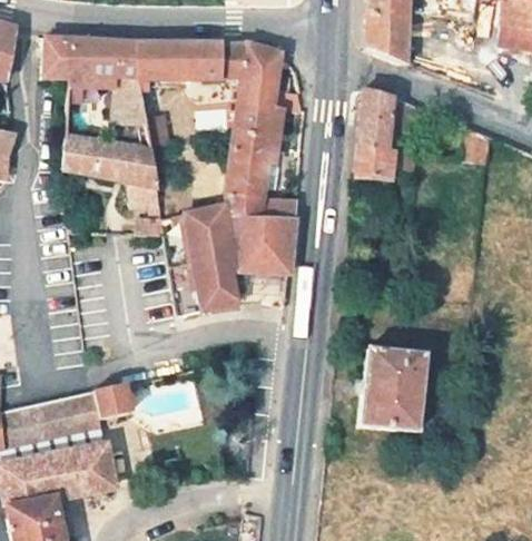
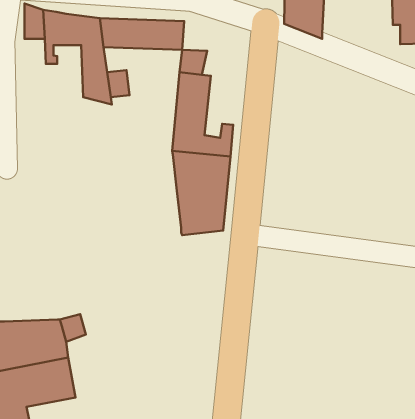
building: [238,46,275,81] -> none
building: [354,83,426,171] -> none
building: [76,128,161,203] -> none
building: [185,206,238,308] -> none
building: [361,343,426,425] -> none

